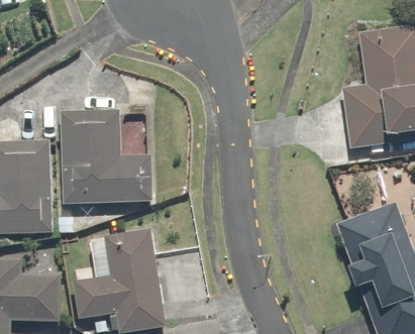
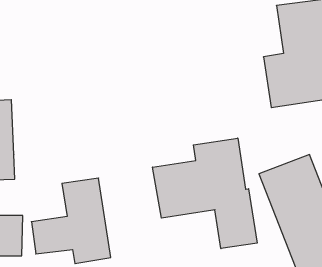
building: [60,109,151,201] -> none
building: none -> [153,138,257,249]

